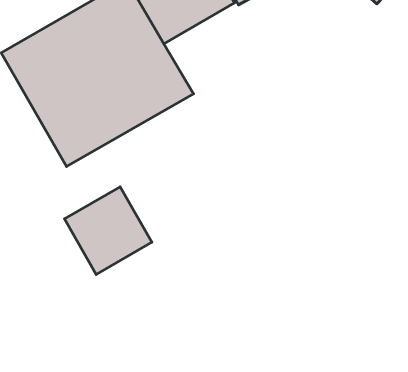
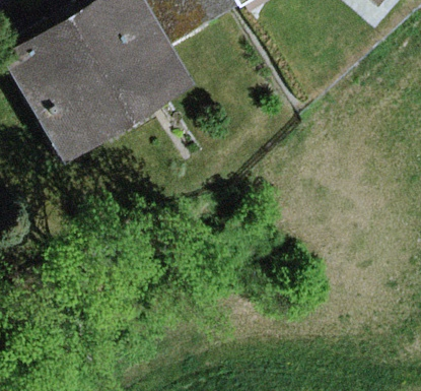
building: [64,187,152,274] -> none

